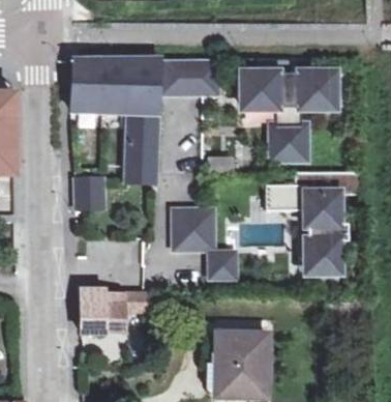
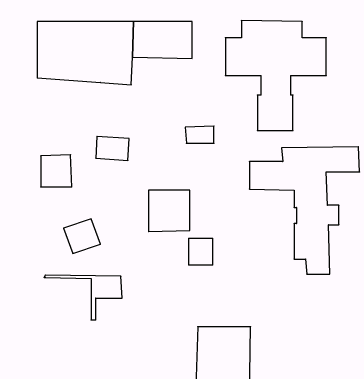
building: [126,115,157,166] -> none
building: [80,291,121,333] -> none

